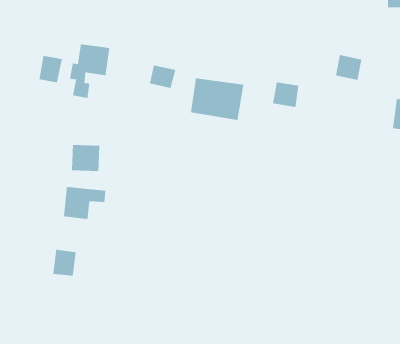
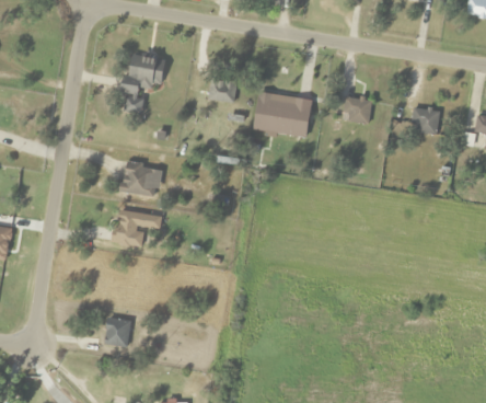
building: [335,55,362,81] -> [412,105,441,134]
building: [39,55,62,83] -> none
building: [52,249,76,276] -> [105,316,131,346]

